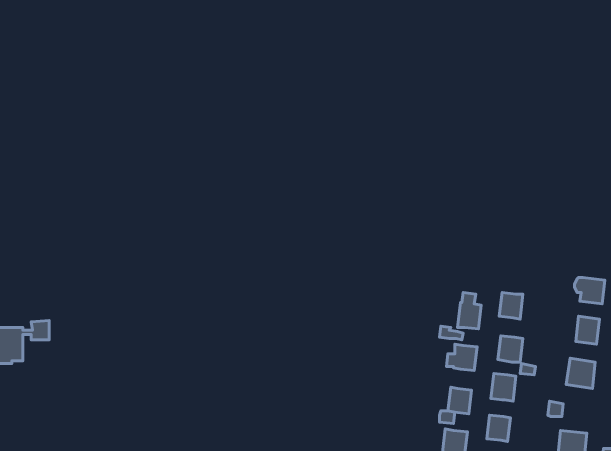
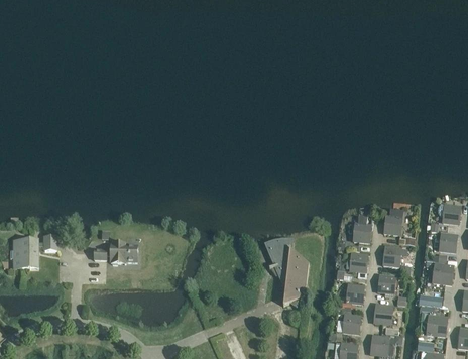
building: none -> [263,241,308,306]
building: none -> [94,243,137,263]

